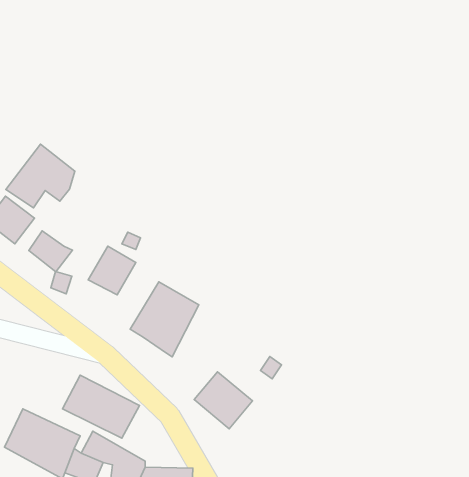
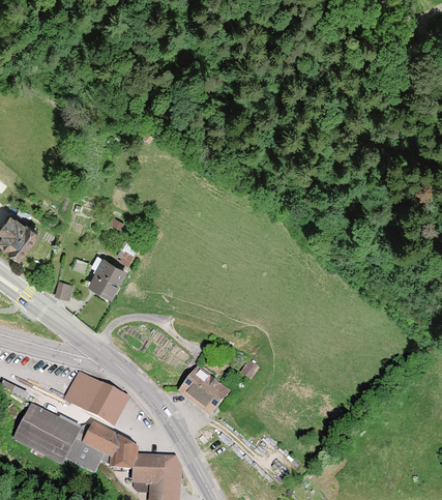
building: [6,144,75,208] -> none
building: [29,231,72,272] -> none
building: [130,282,199,357] -> none

